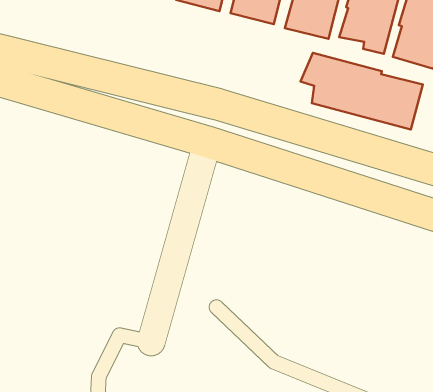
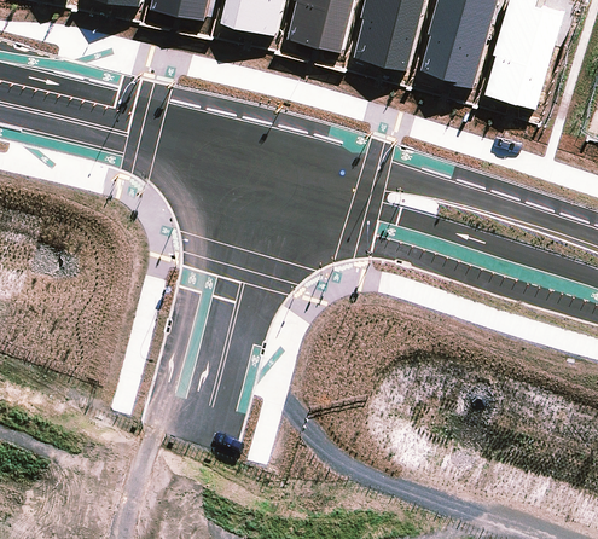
building: [301,53,423,129] -> none

